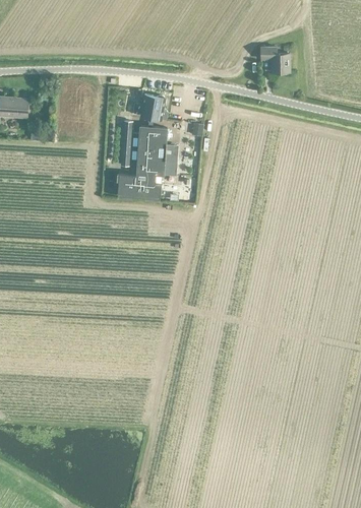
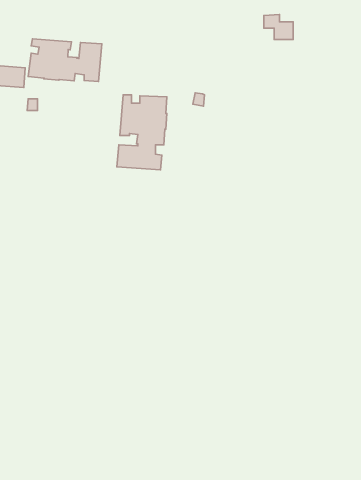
building: none -> [28,39,102,82]
building: [141,94,168,120] -> none

